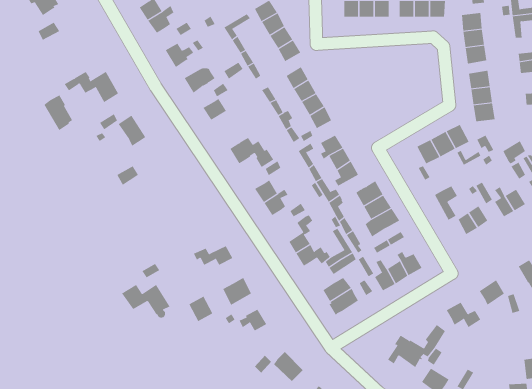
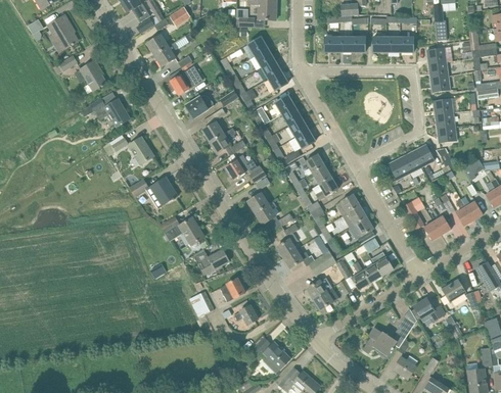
building: [44,94,73,131] -> [80,59,105,91]
building: none -> [209,127,245,154]
building: none -> [150,176,178,205]
building: [121,284,171,318] -> [161,216,203,246]

